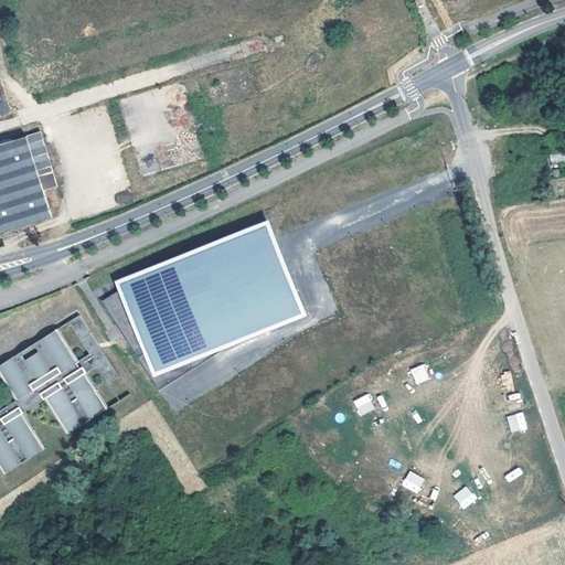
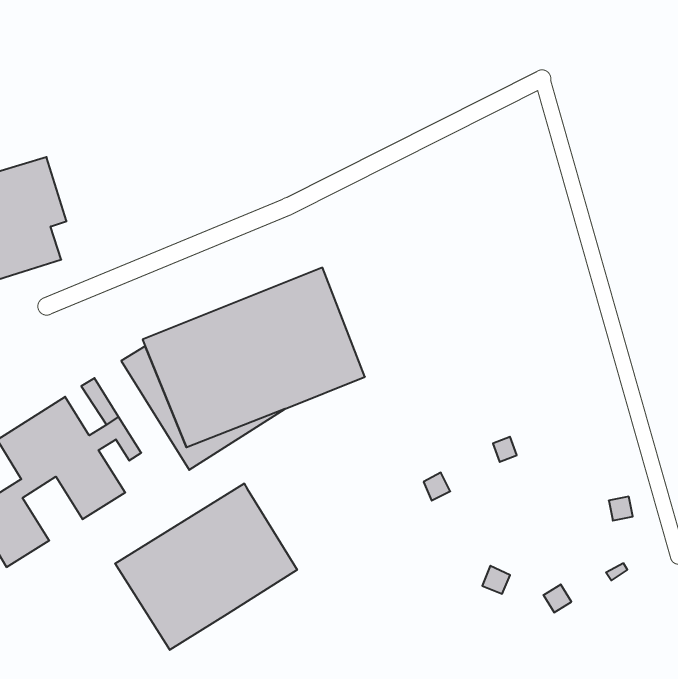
building: none -> [115,483,297,650]

